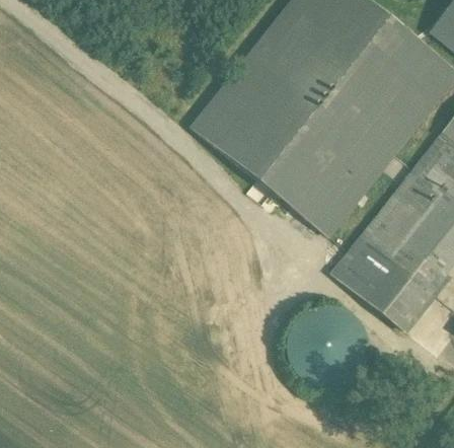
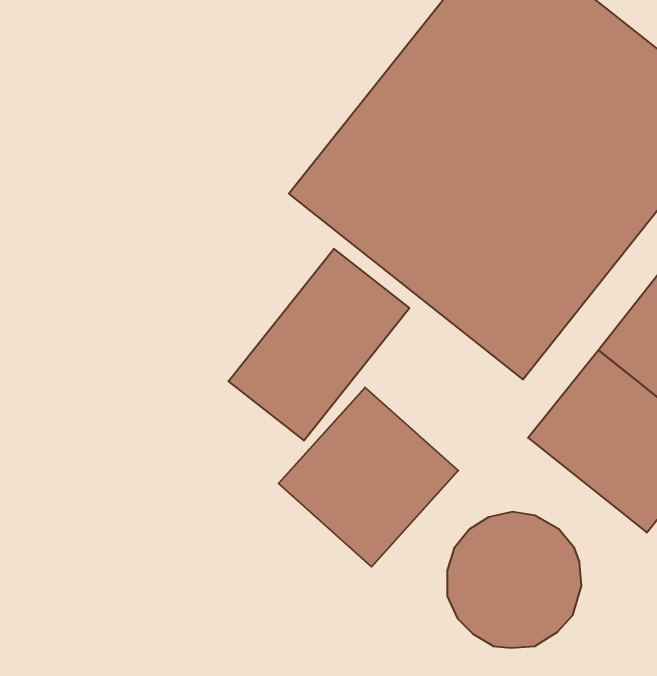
building: none -> [228,249,409,441]
building: none -> [279,387,458,567]

